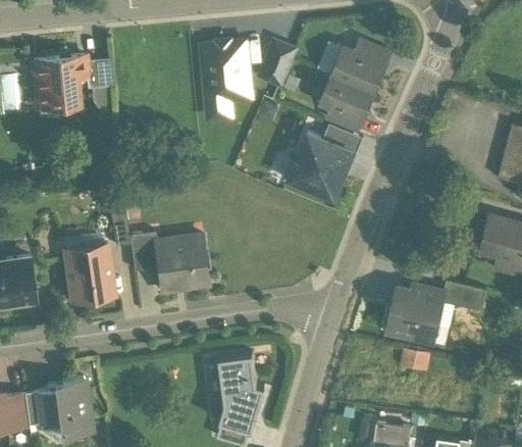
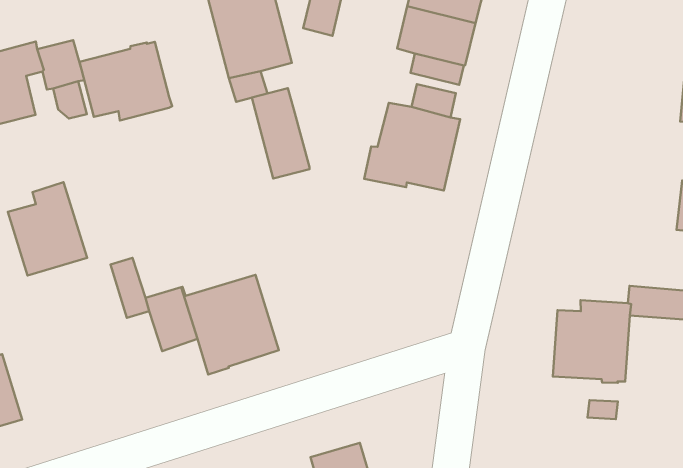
building: none -> [80,42,172,120]
building: none -> [252,88,310,178]
building: [65,244,112,301] -> [8,182,87,276]

